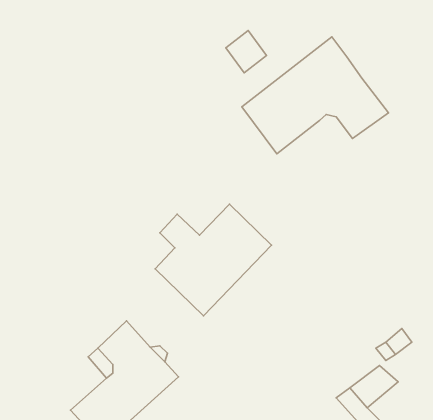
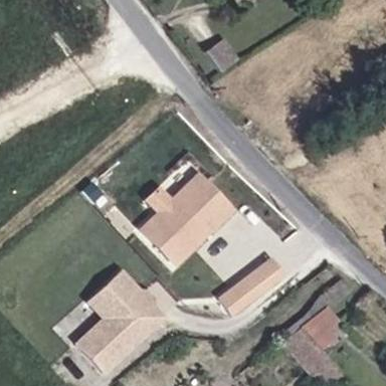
building: [242,37,388,154] -> none
building: none -> [219,256,286,317]

